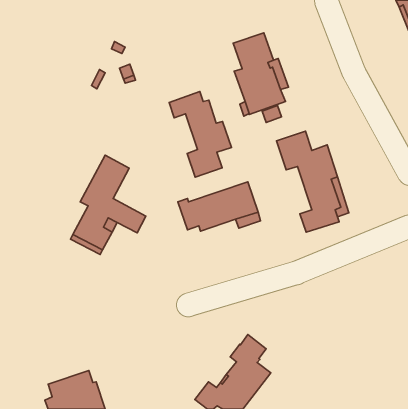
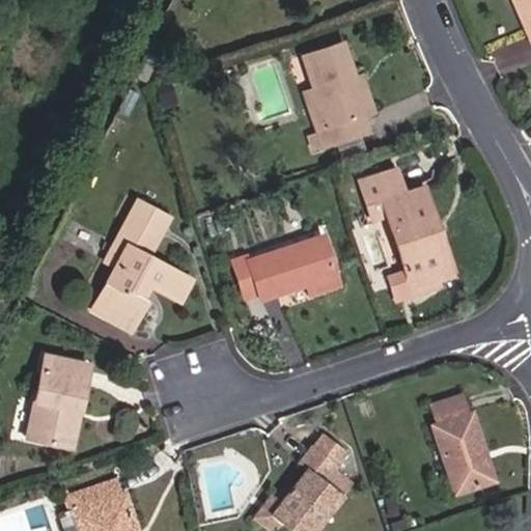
building: [169,92,232,177] -> none
building: none -> [27,356,90,448]
building: none -> [432,396,495,494]

